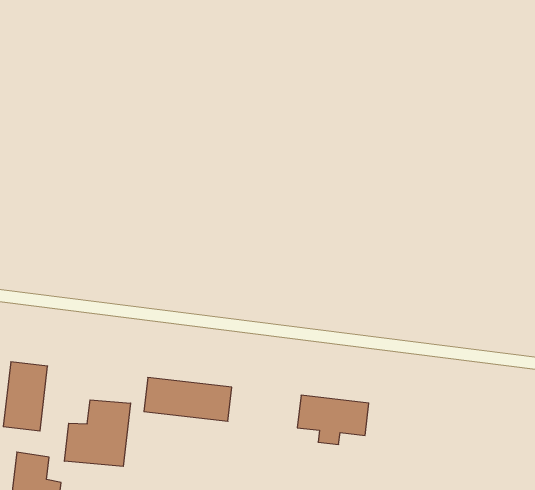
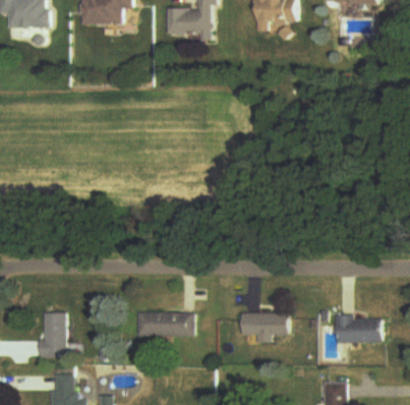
building: [64,400,131,466] -> none
building: none -> [336,317,384,342]

